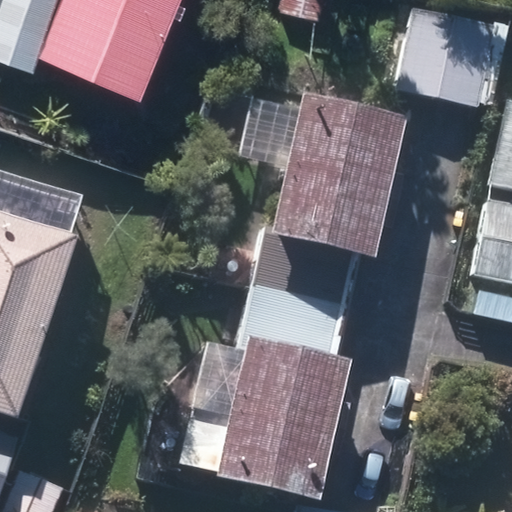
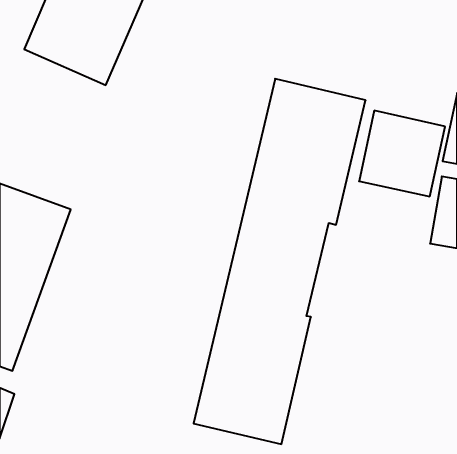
building: [388,15,484,111] -> [359,111,445,196]

